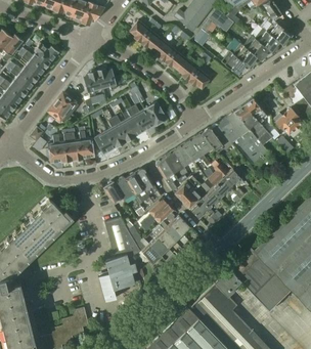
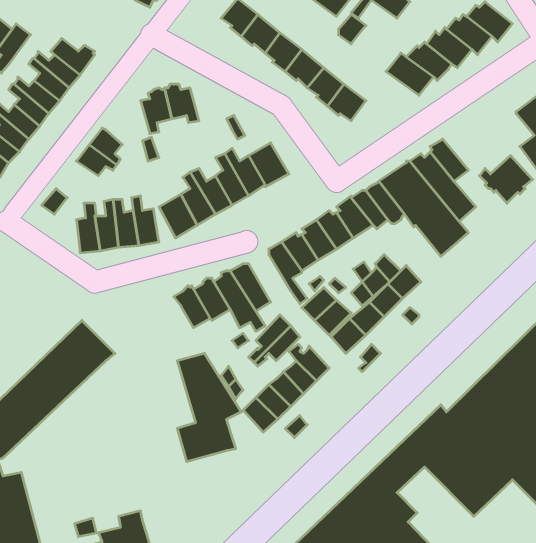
building: [100,273,136,302] -> none

